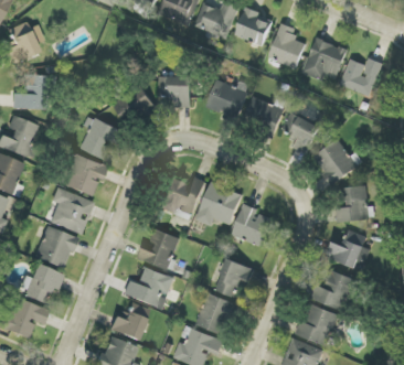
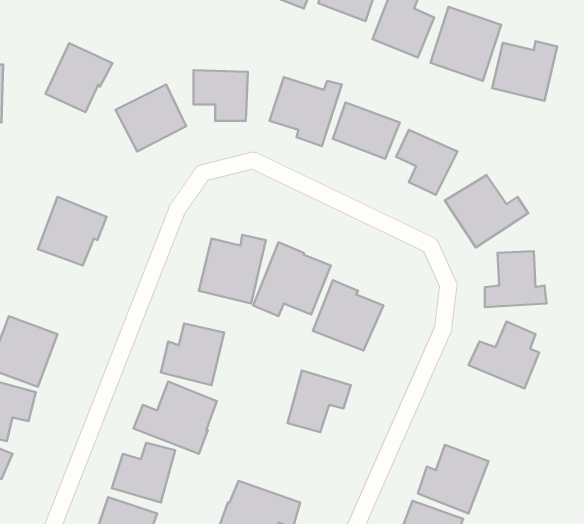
building: [81,118,121,160] -> [46,43,113,112]
building: [50,187,93,234] -> none
building: [311,272,354,309] -> none
building: [198,293,235,334] -> none

